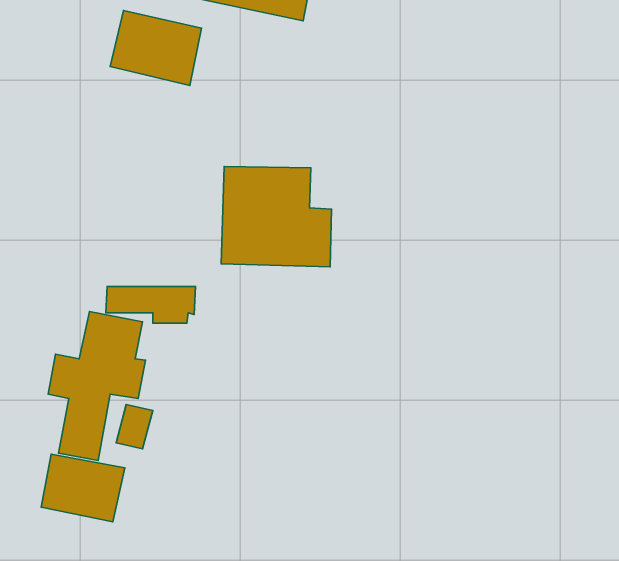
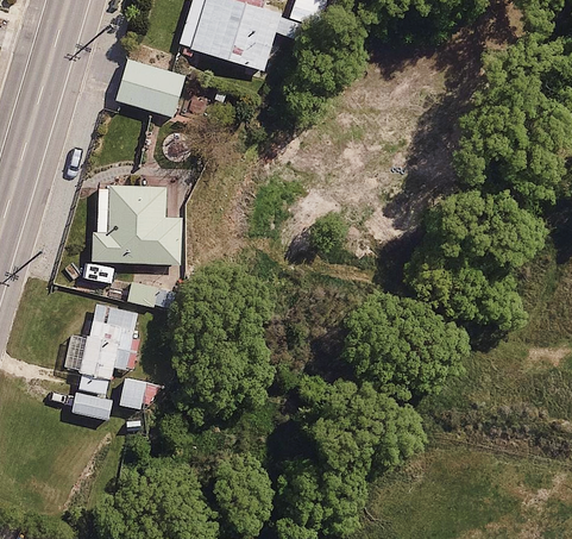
building: [221,166,332,267] -> [94,184,183,265]
building: [41,454,125,522] -> none

